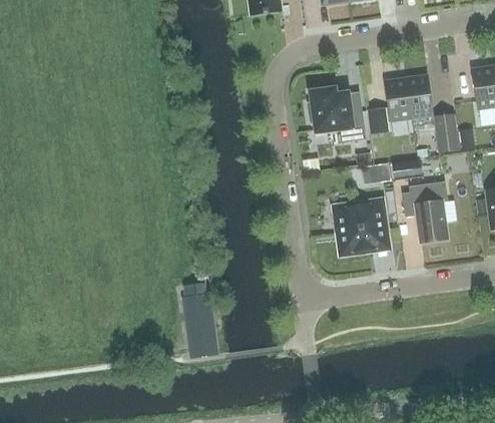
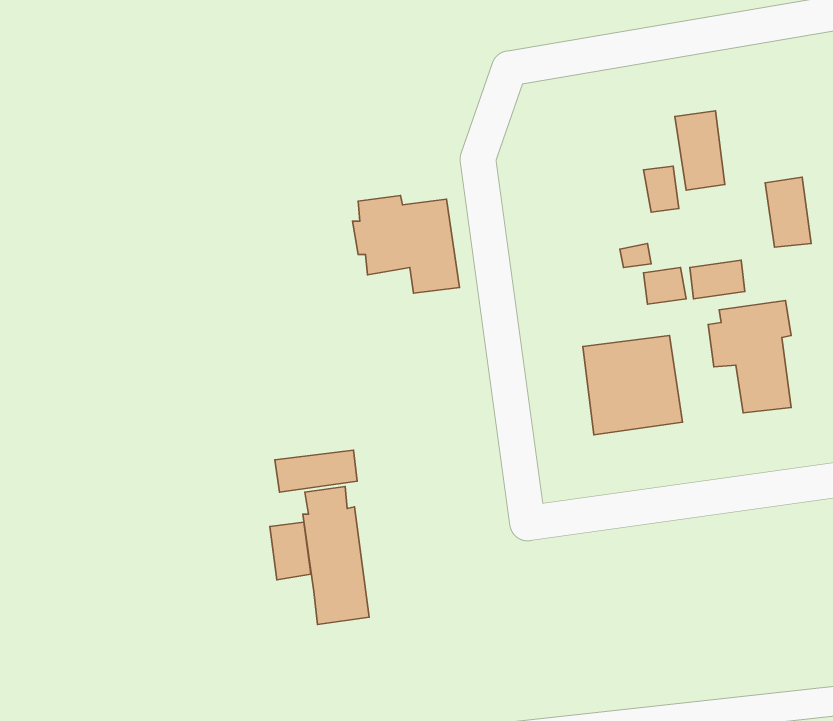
building: [407,75,433,118] -> none
building: [309,89,367,142] -> [353,196,459,293]
building: none -> [275,450,357,492]
building: none -> [270,522,311,580]

